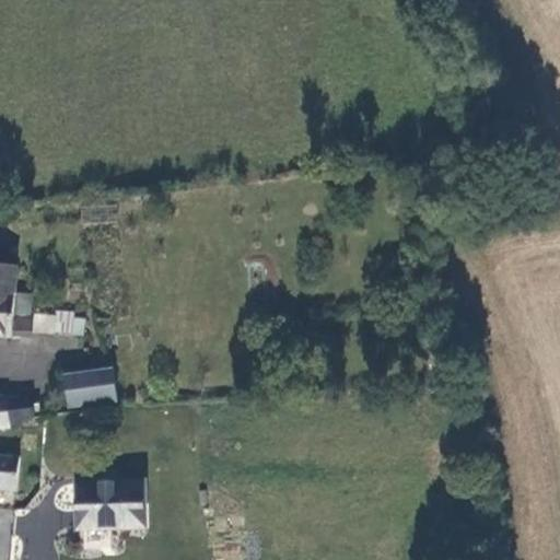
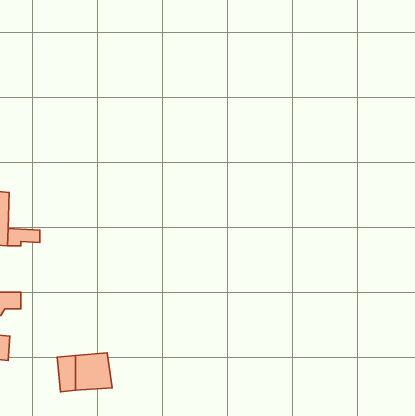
building: [63,376,113,408] -> none

